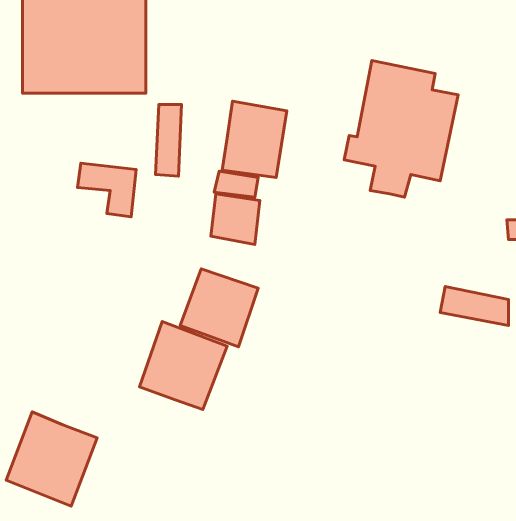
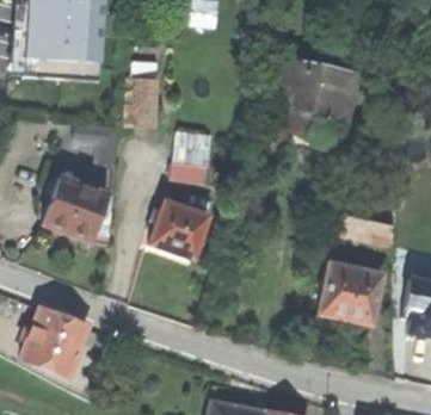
building: [222,101,287,178] -> none
building: [139,322,227,409] -> [42,175,106,240]
building: none -> [318,261,380,322]

